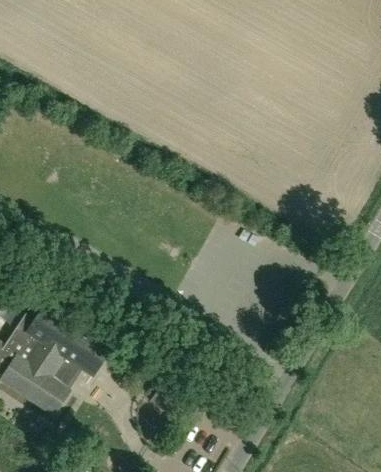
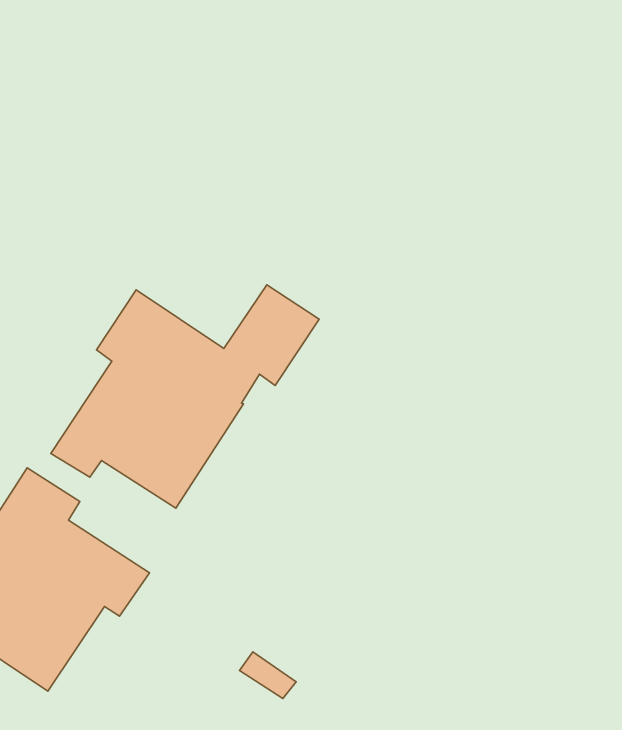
building: none -> [51,285,319,508]

